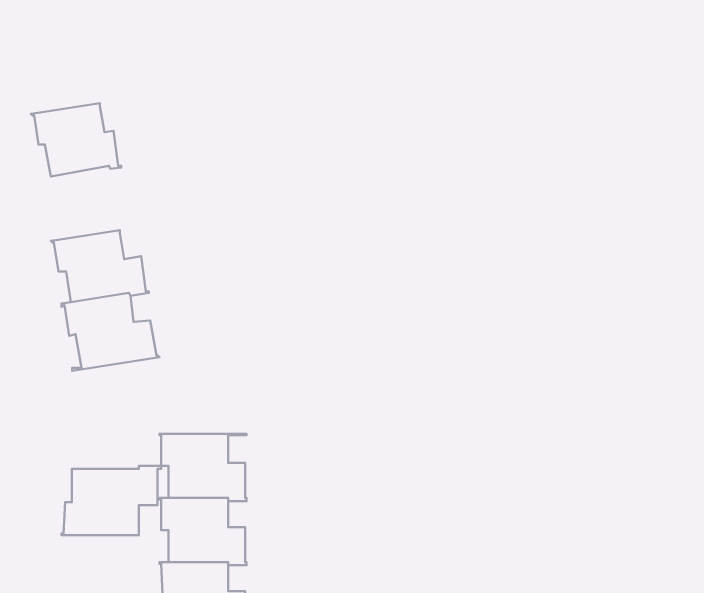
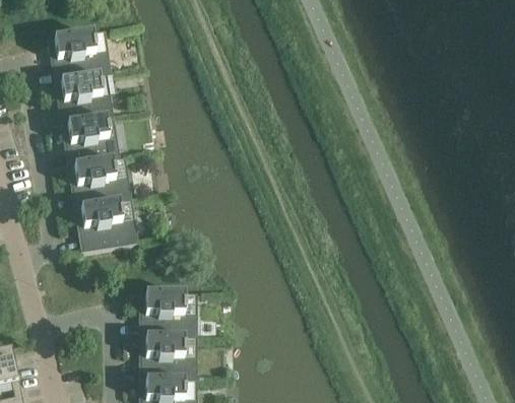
building: none -> [48,31,112,81]
building: none -> [61,117,126,165]
building: [62,466,161,535] -> none

